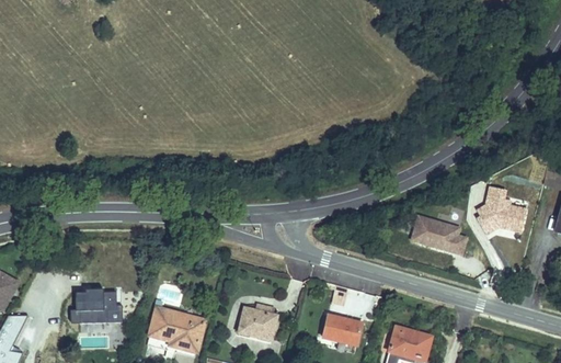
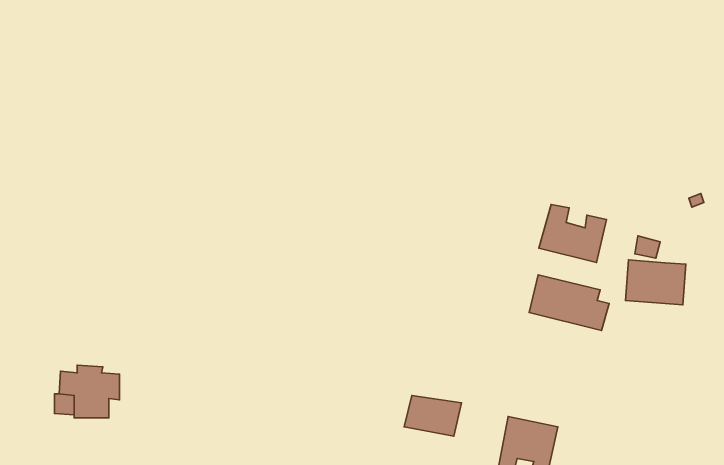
building: none -> [539,205,607,262]
building: [238,303,275,337] -> none
building: [145,308,205,353] -> none

